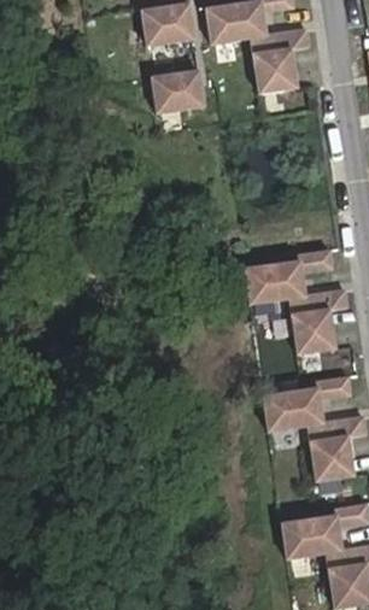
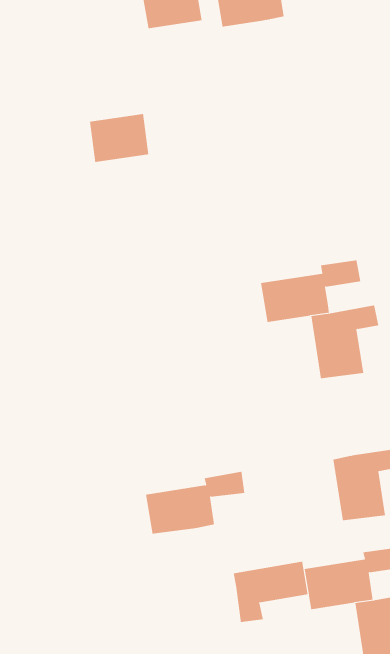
building: [248,29,309,94] -> none
building: [150,70,203,113] -> [89,113,149,163]
building: [263,375,351,430] -> [145,471,245,534]
building: none -> [233,561,308,623]

